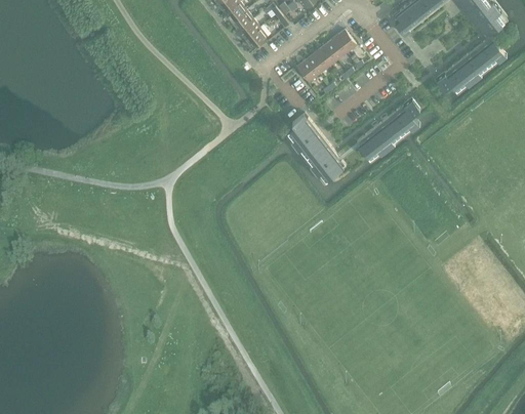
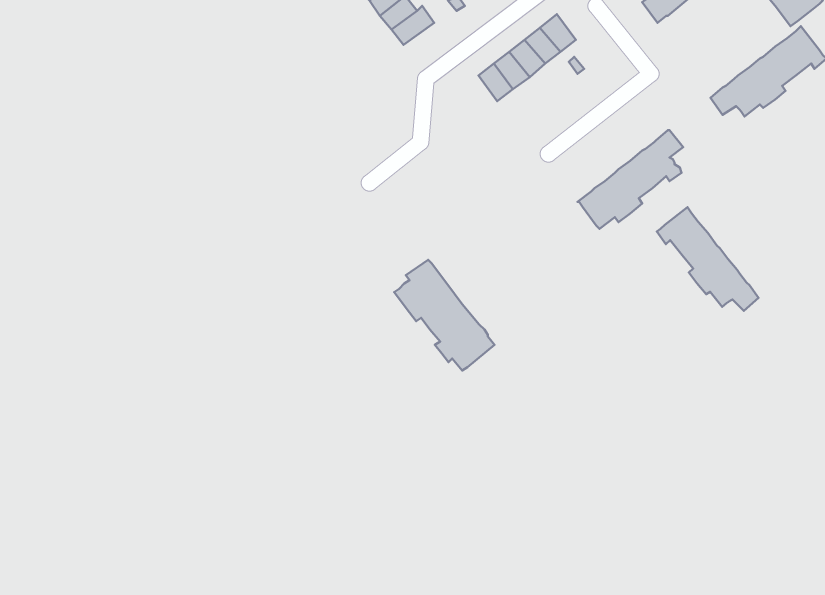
building: [284,115,345,181] -> [394,260,495,371]
building: none -> [657,207,759,311]

